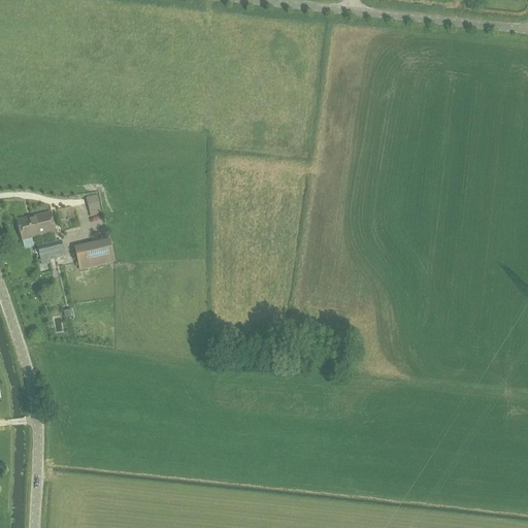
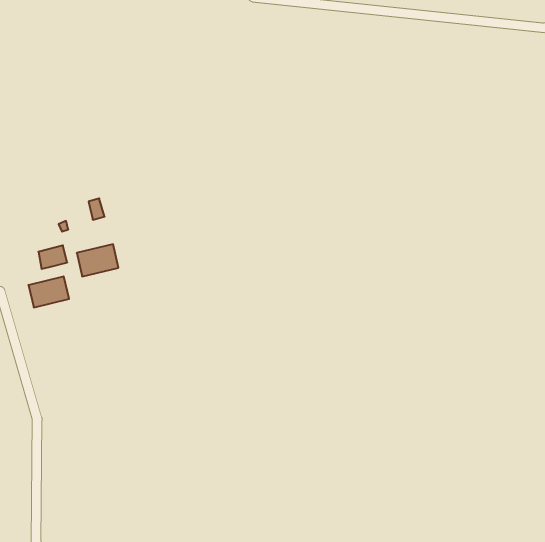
building: [16,208,56,238] -> [28,276,69,307]

